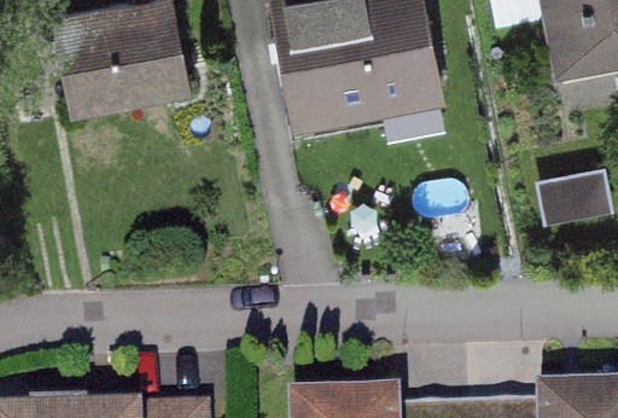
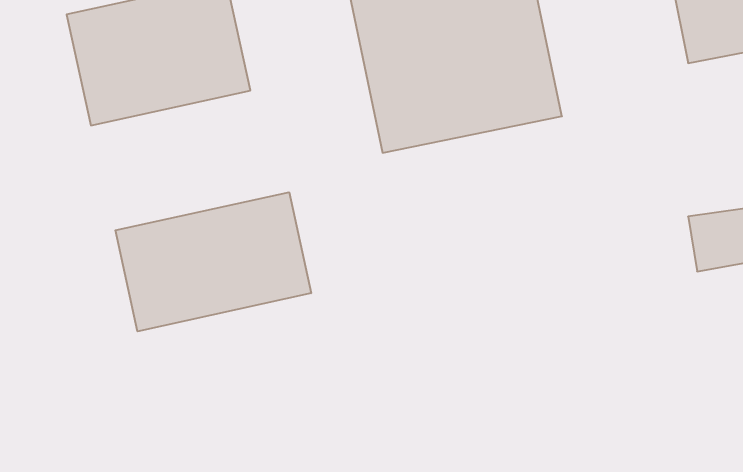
building: none -> [115,192,311,331]

